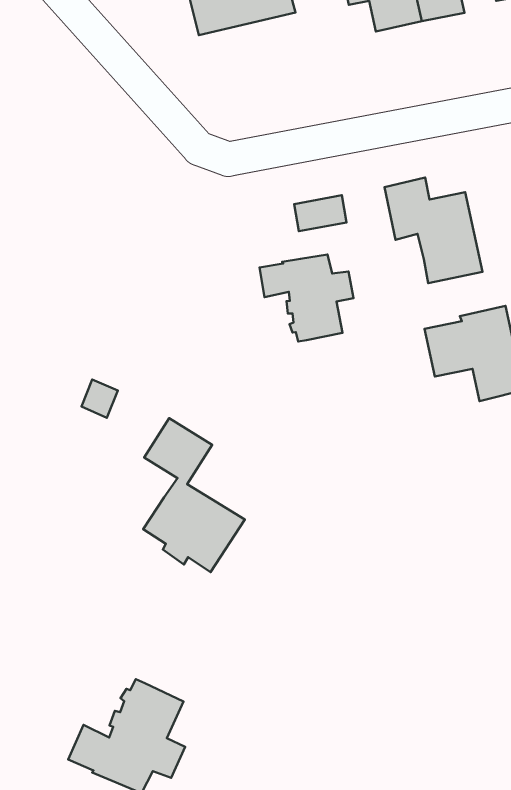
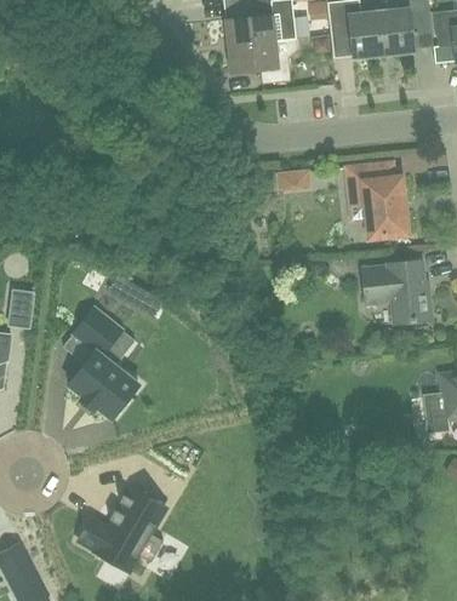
building: none -> [228,38,298,84]
building: [259,254,354,342] -> none
building: [143,418,245,572] -> [67,308,138,418]

